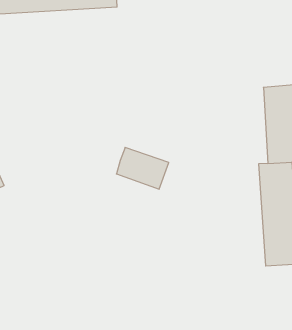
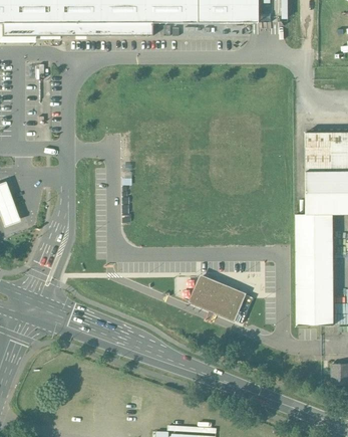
building: [116,147,169,189] -> [190,274,247,321]

